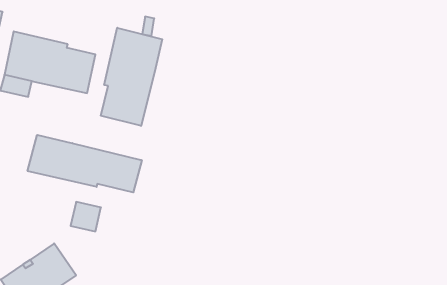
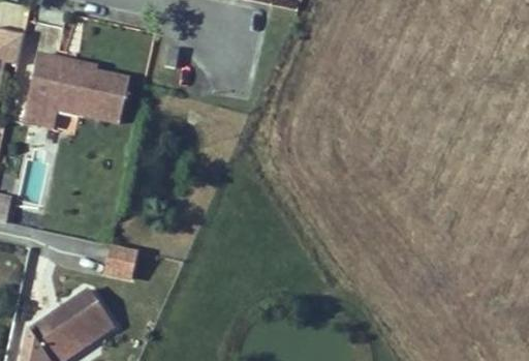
building: [101,28,162,126] -> none
building: [28,135,142,192] -> none

